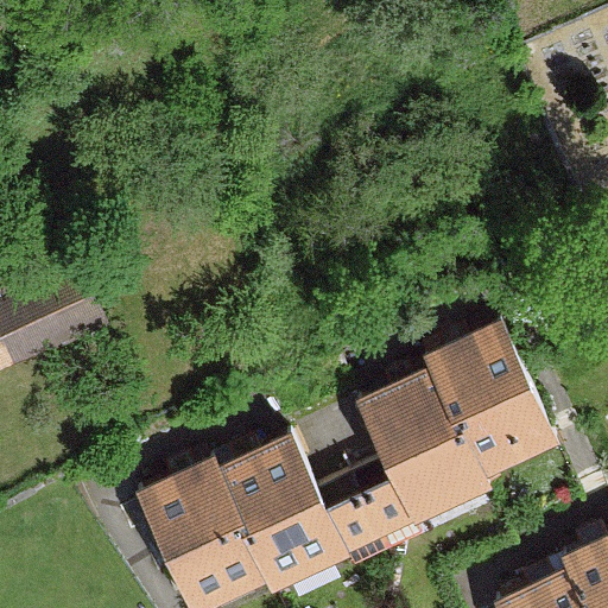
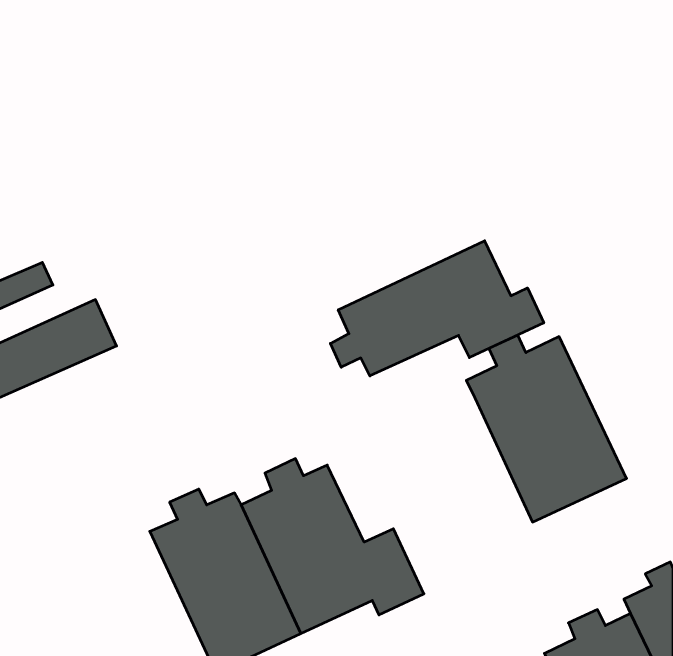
building: none -> [330,241,544,376]
building: [353,368,477,551] -> none

